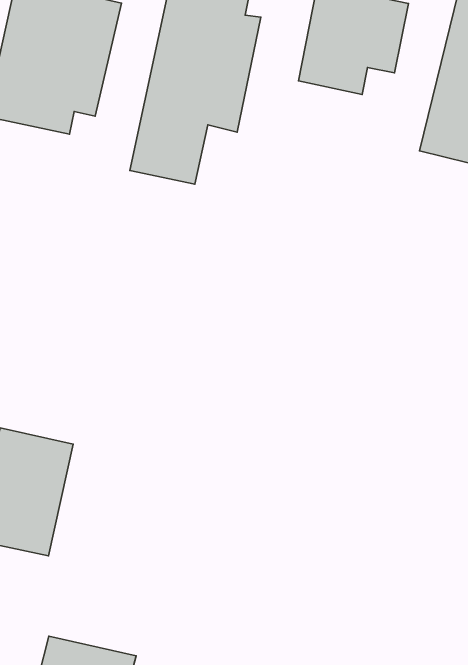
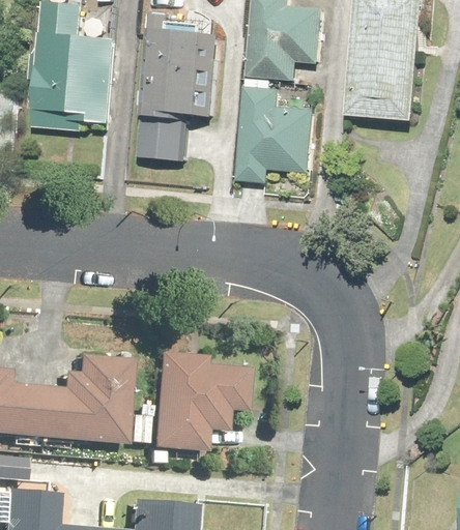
building: none -> [237,87,310,183]
building: none -> [122,351,243,448]

